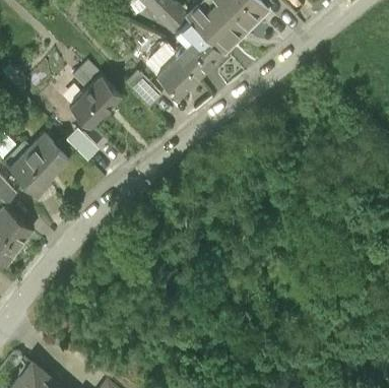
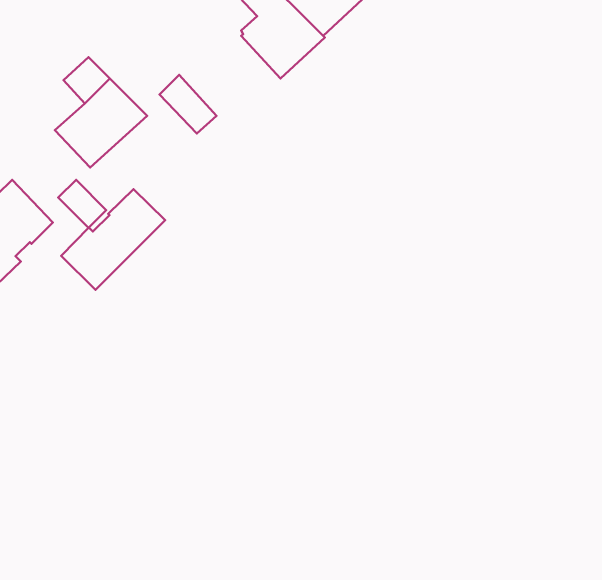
building: [147,44,199,99] -> none
building: none -> [61,189,165,290]

